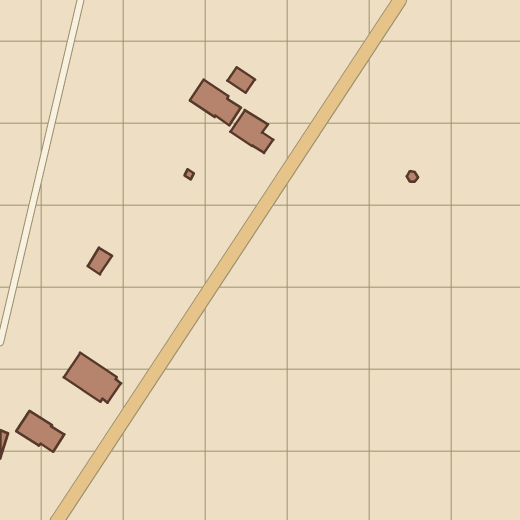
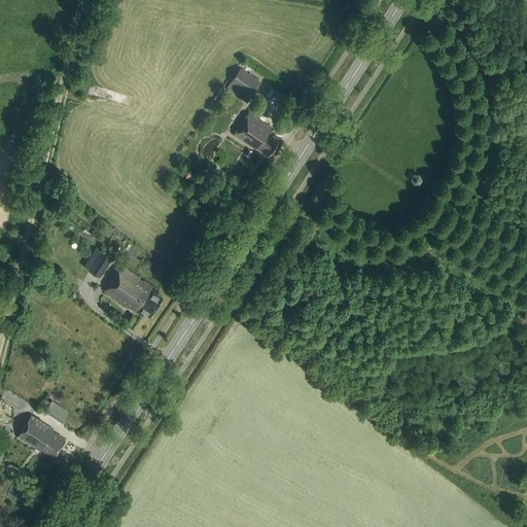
building: [190,80,241,125] -> none
building: [64,353,121,403] -> [106,267,164,317]

